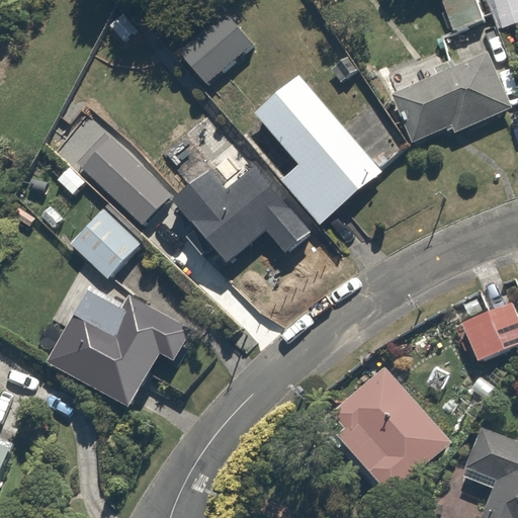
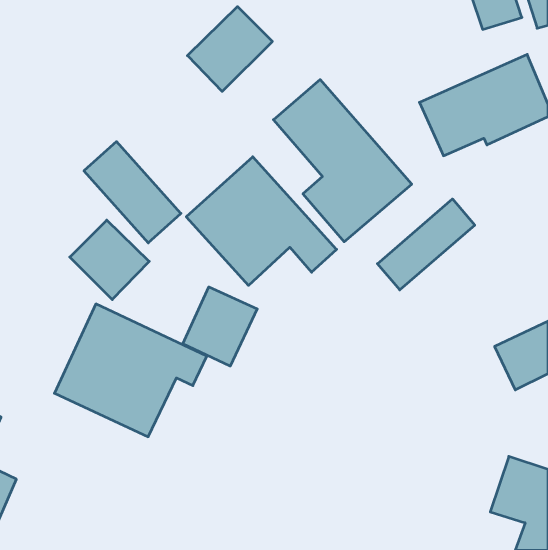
building: none -> [377,199,475,290]
building: none -> [183,287,257,366]
building: [322,361,456,499] -> none

